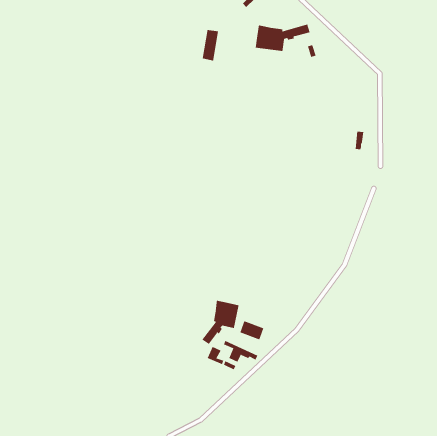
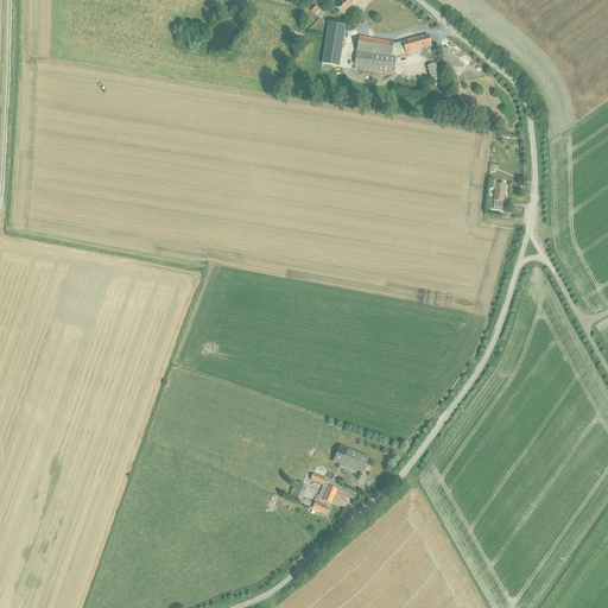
building: [202,29,219,61] -> [322,21,346,65]
building: [202,300,239,345] -> none

